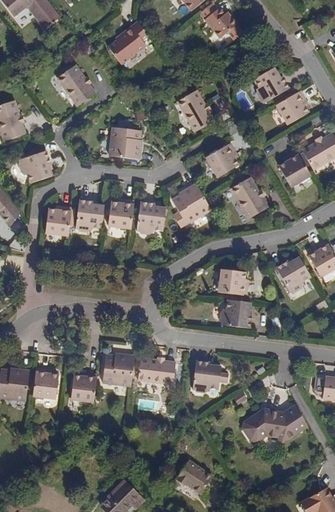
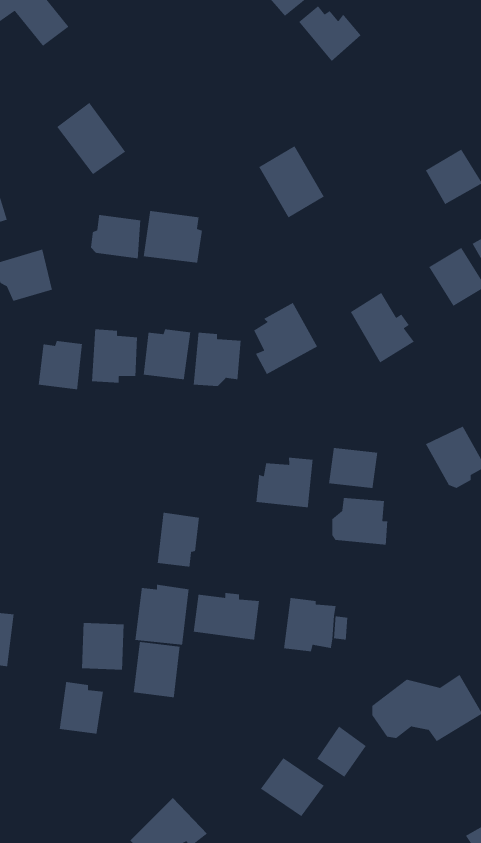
building: [109,19,150,62] -> none
building: [252,66,290,101] -> none
building: none -> [90,214,141,259]
building: [204,141,239,178] -> none
building: none -> [255,457,313,508]
building: none -> [157,512,200,568]
building: [32,367,59,399] -> [59,681,104,734]
building: none -> [133,641,181,698]
building: none -> [316,725,367,778]

